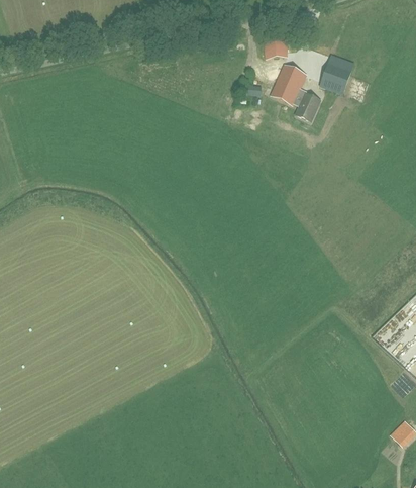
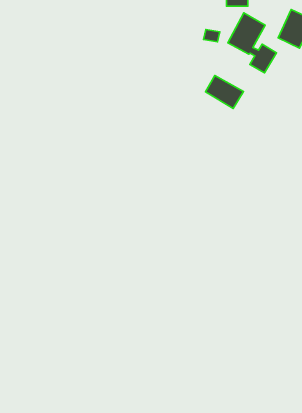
building: none -> [205,75,243,109]

